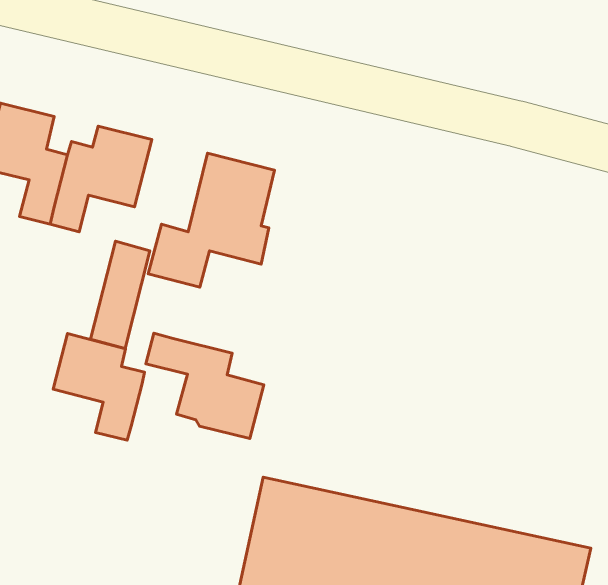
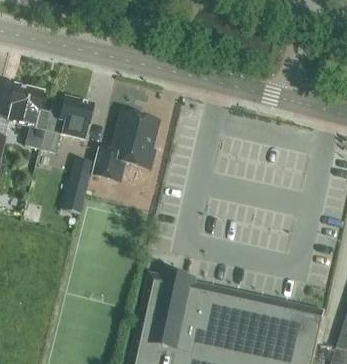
building: [146,333,264,439] -> none
building: [53,334,145,440] -> none

